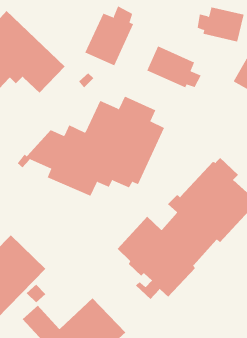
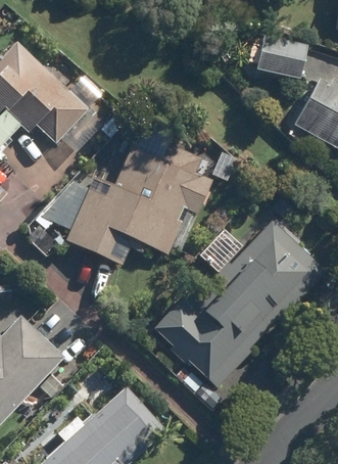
building: [85,6,134,66] -> none
building: [147,45,202,88] -> none

